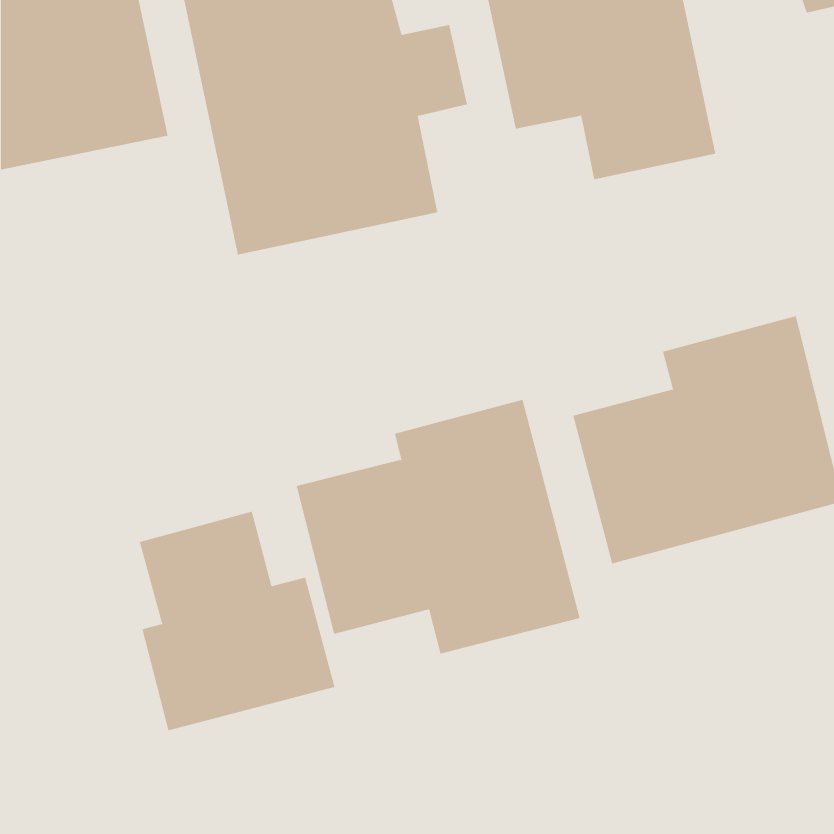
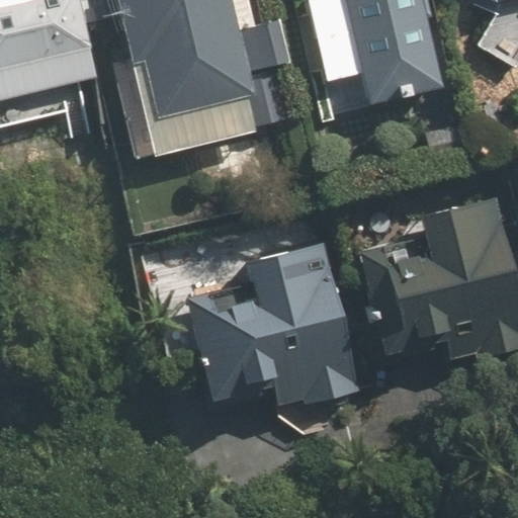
building: [139,511,335,731] -> none

